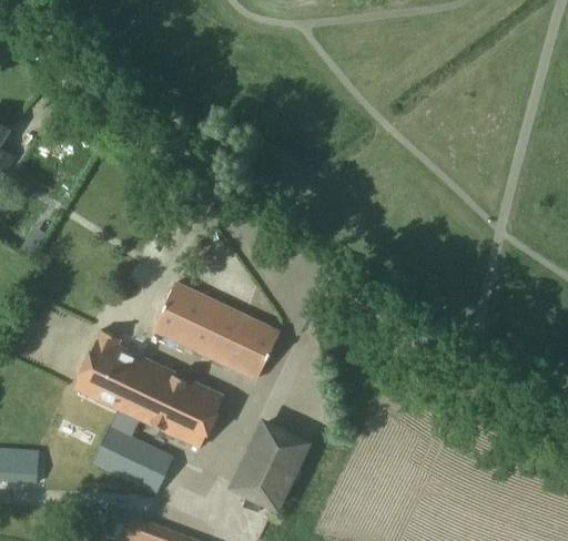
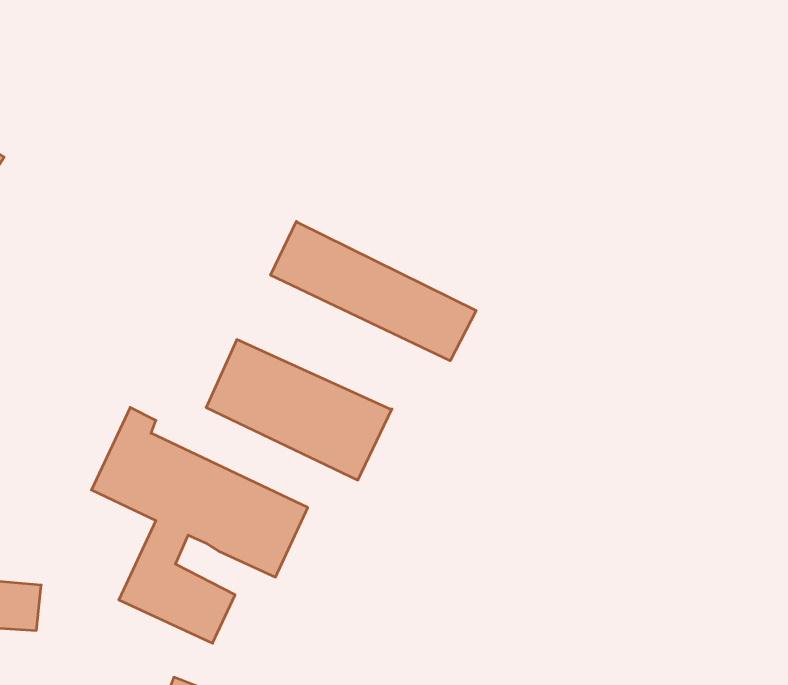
building: none -> [271,221,476,361]
building: [236,425,304,503] -> none

